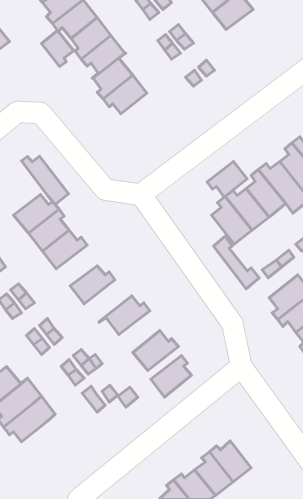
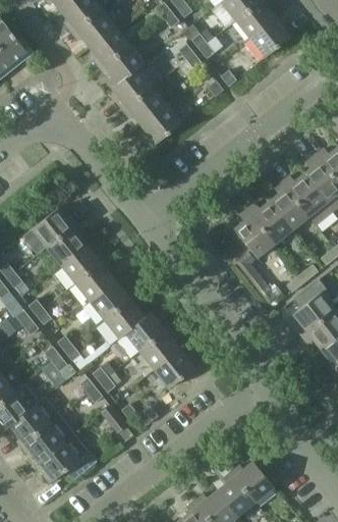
building: none -> [248,18,294,58]
building: [42,31,74,67] -> none
building: none -> [140,104,182,148]
building: [21,156,69,205] -> none
building: [207,161,247,197] -> none
building: none -> [74,260,116,302]
building: none -> [103,296,152,338]
building: [151,355,192,397] -> [138,327,180,370]
building: none -> [39,433,97,483]

